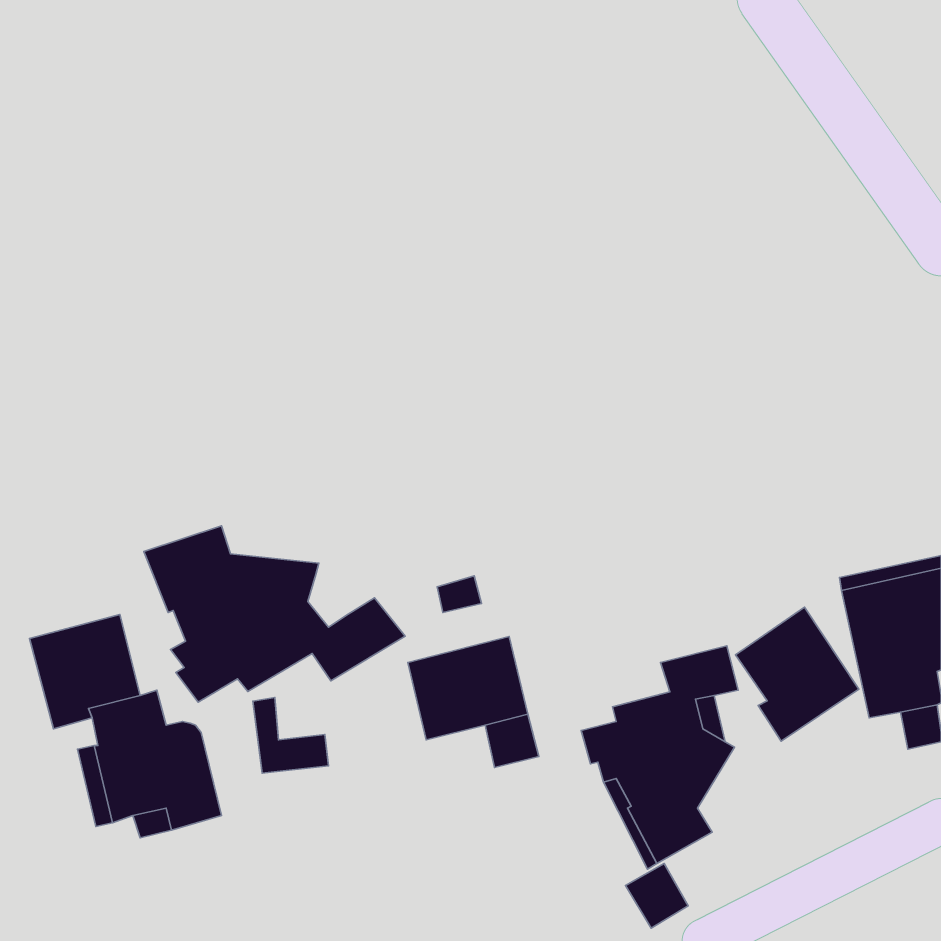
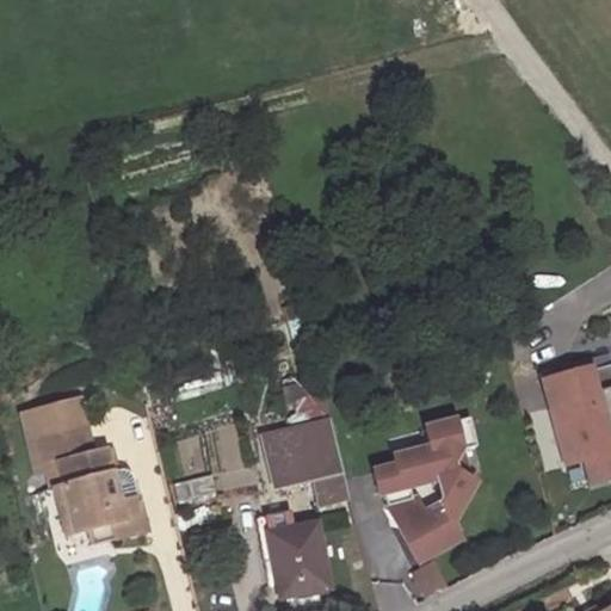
building: [144,526,405,702] -> none
building: [735,607,859,741] -> none
building: none -> [263,513,328,590]

